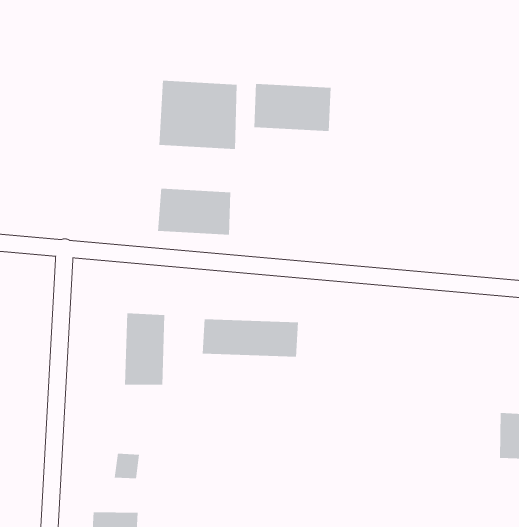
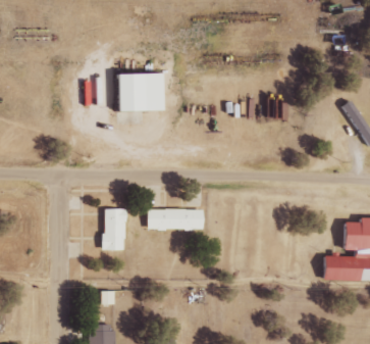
building: [254,83,331,132] -> none
building: [158,188,231,235] -> none

